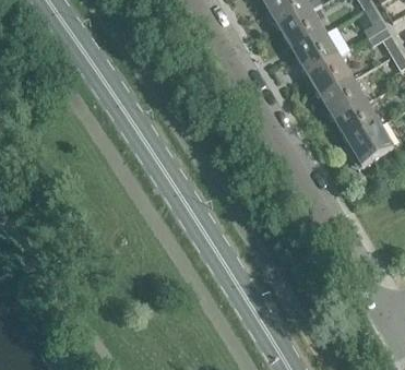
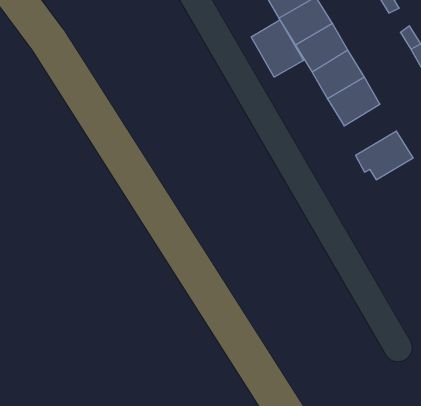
building: none -> [251,20,304,77]
building: [334,99,379,143] -> none

